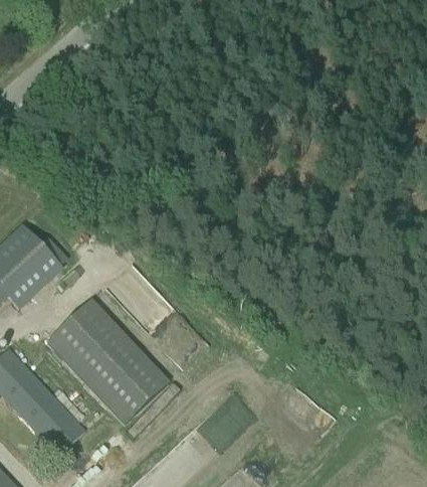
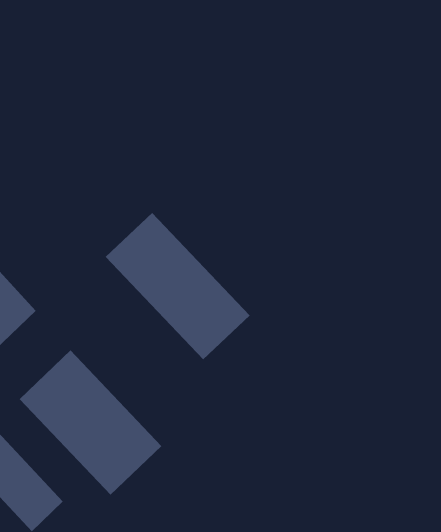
building: none -> [105,212,250,360]

